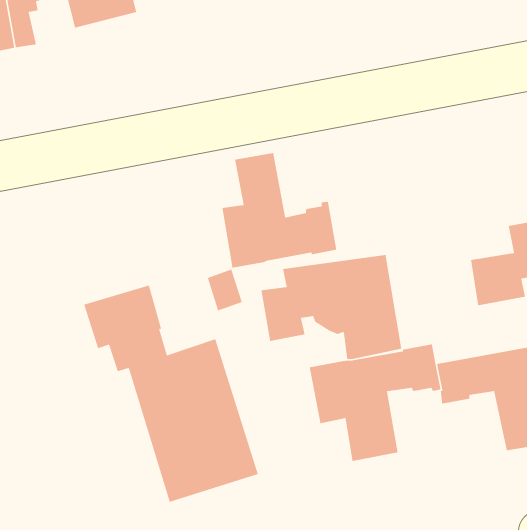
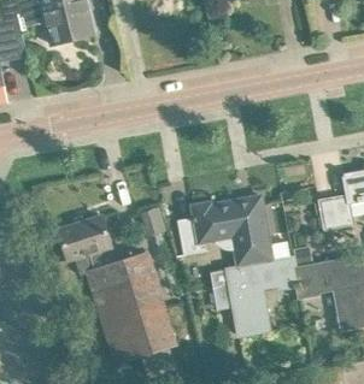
building: [221,152,337,268] -> none

